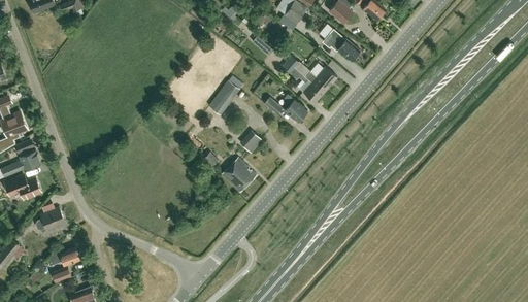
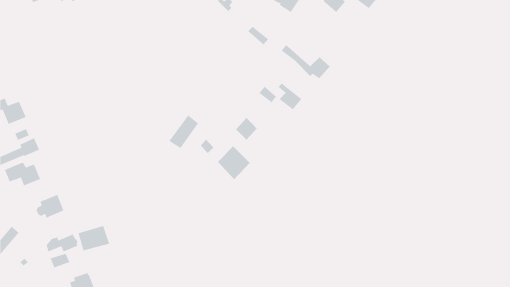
building: [323,28,360,61] -> none
building: [283,61,326,102] -> none
building: [209,79,240,114] -> [169,114,199,149]
building: none -> [78,225,110,251]

